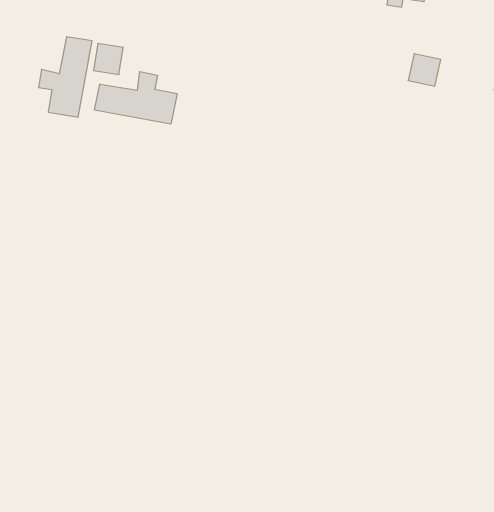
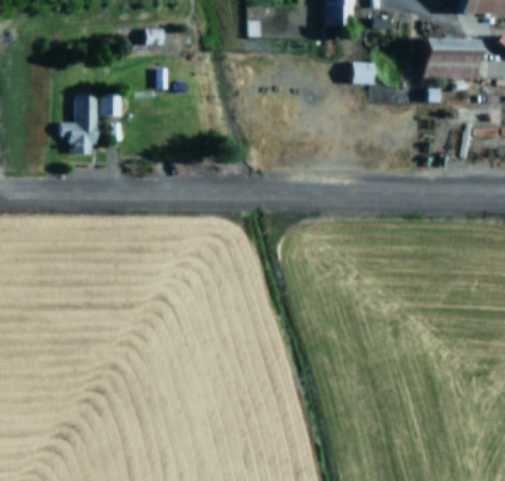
building: [95,72,177,124] -> none

